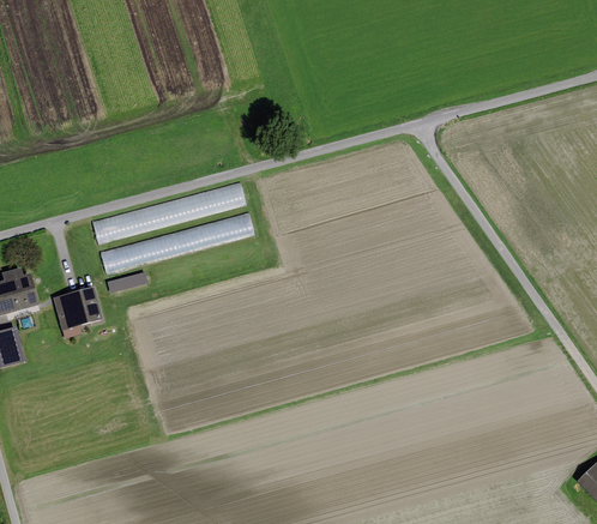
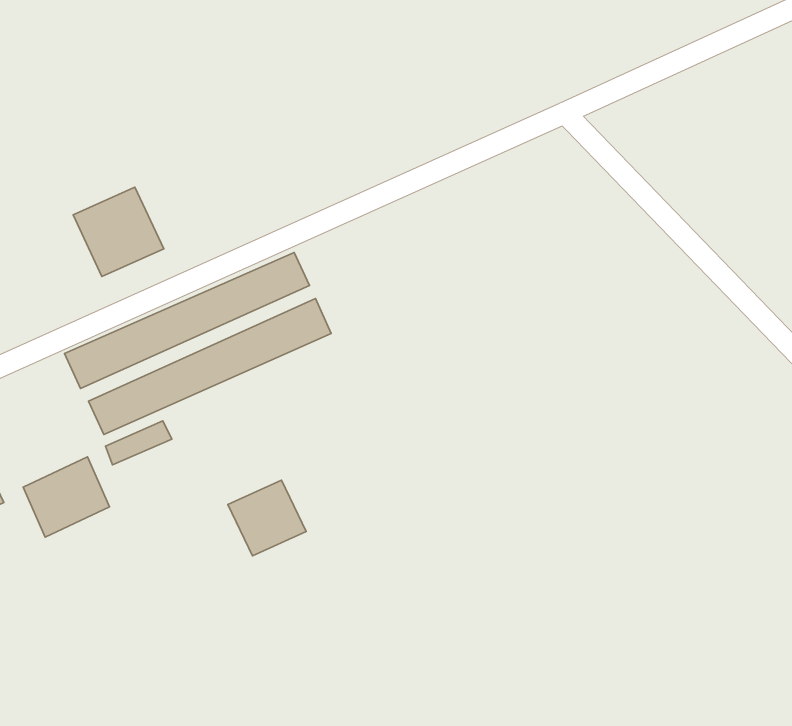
building: none -> [73,187,164,276]
building: none -> [228,480,306,556]

